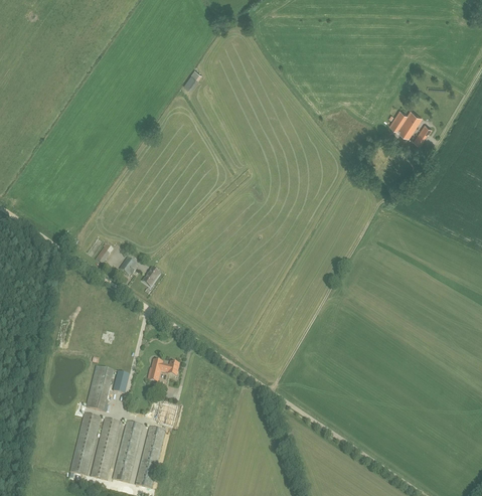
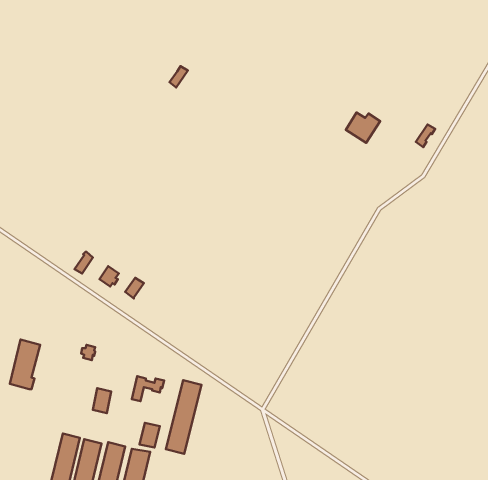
building: [389,109,422,137] -> [346,112,380,143]
building: none -> [166,380,202,454]
building: [86,364,114,410] -> [10,340,40,389]

